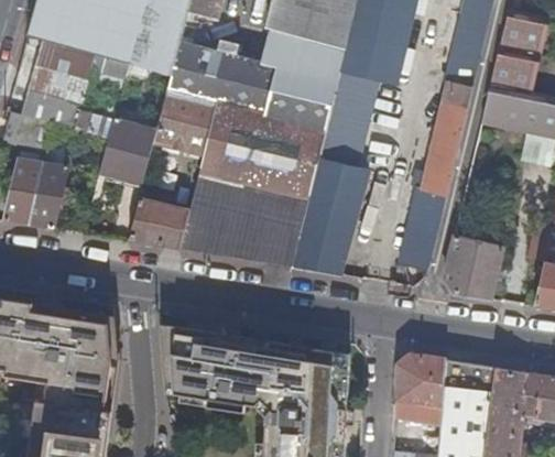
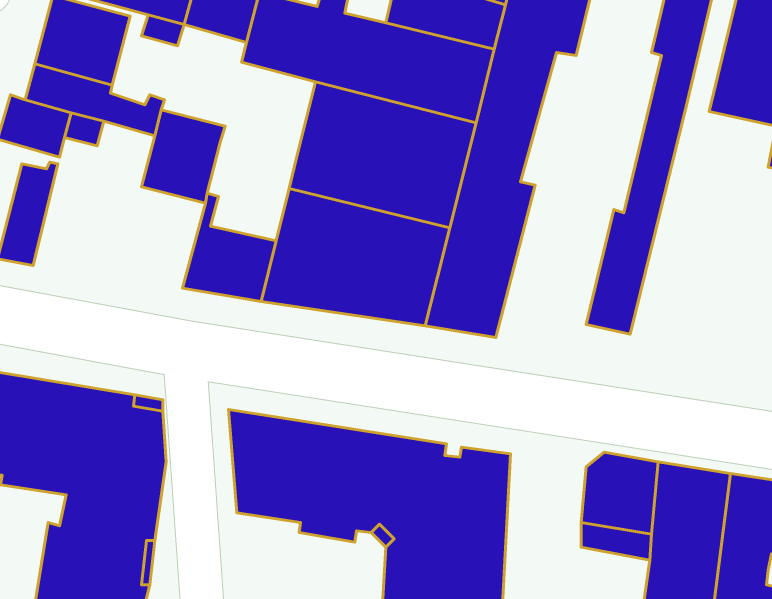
building: [153,90,217,156] -> none
building: [28,159,68,230] -> none
building: [444,237,502,300] -> none

